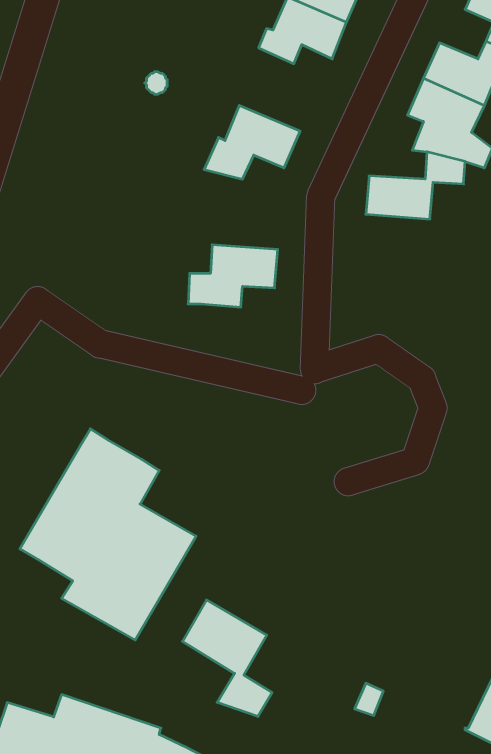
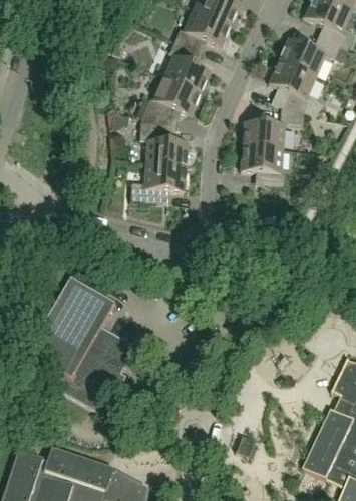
building: none -> [162,41,211,93]
building: none -> [139,117,188,167]
building: none -> [240,145,285,186]
building: [182,600,272,717] -> none

